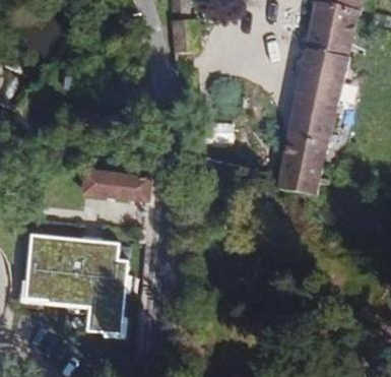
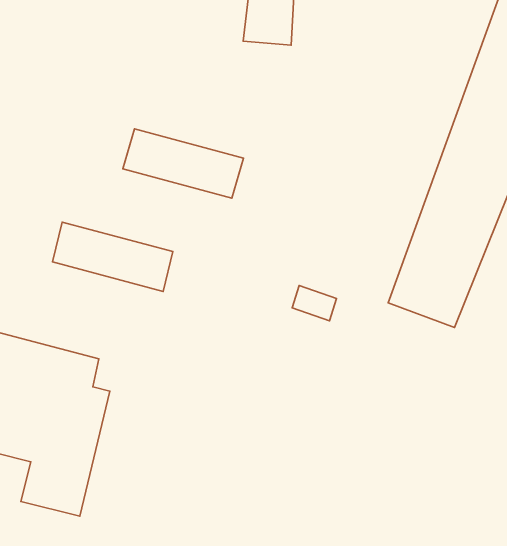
building: none -> [123,129,244,198]

